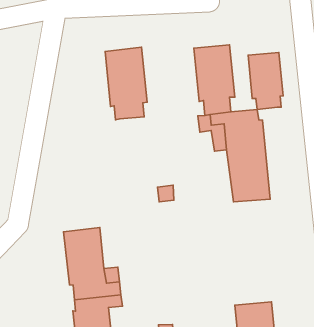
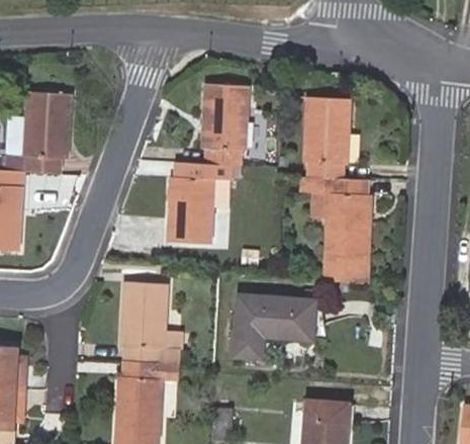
building: [248,53,283,109] -> none
building: none -> [166,162,240,243]
building: none -> [233,292,315,358]

